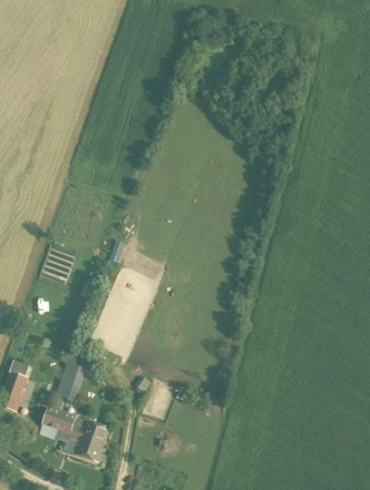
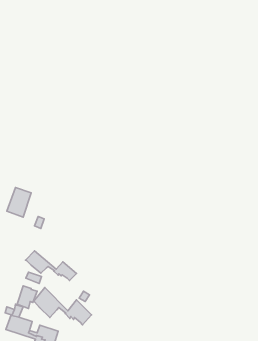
building: none -> [26,251,77,280]
building: none -> [33,288,91,325]

